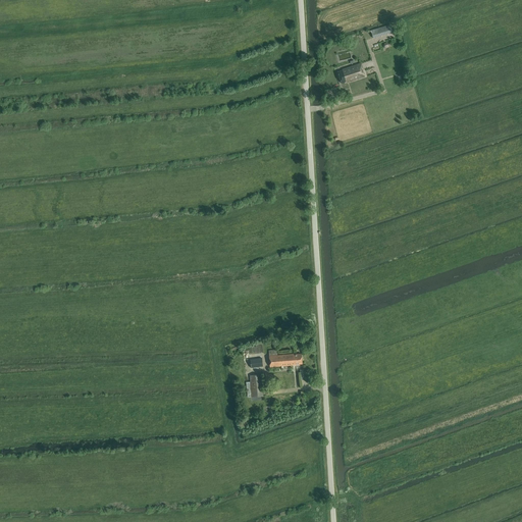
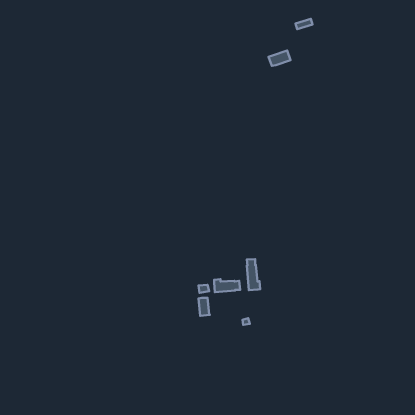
building: none -> [247,259,260,290]

